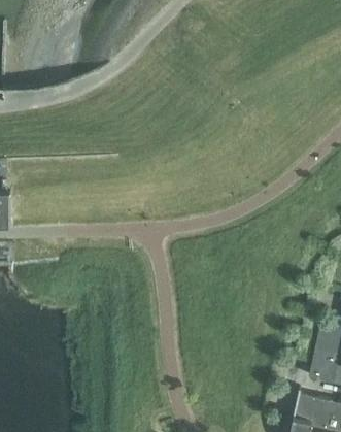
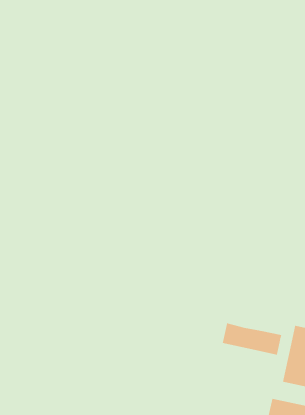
building: none -> [222,323,282,356]

